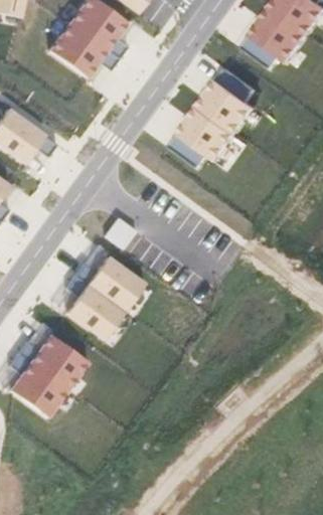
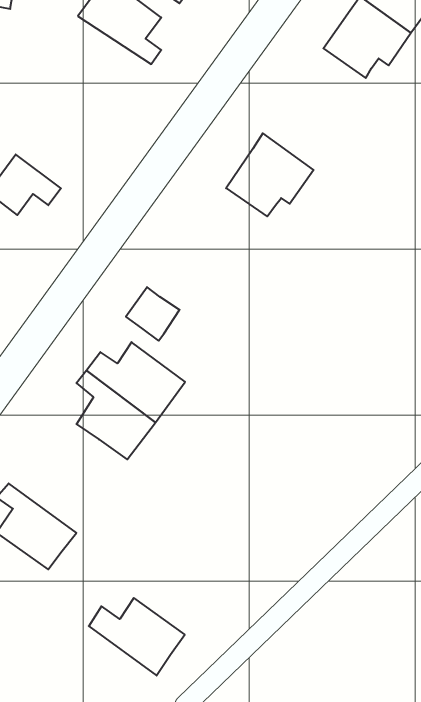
building: [48,20,120,74] -> none
building: [199,65,258,130] -> none
building: [18,333,87,388] -> [89,598,185,676]

